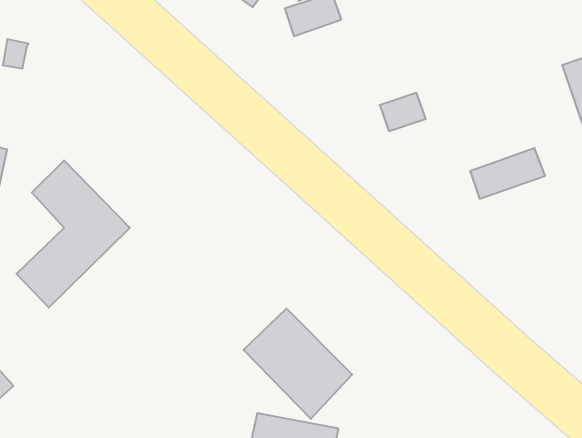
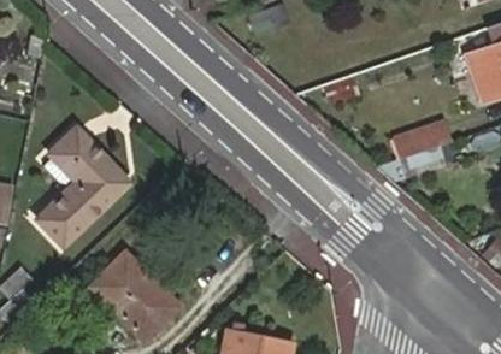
building: [243,309,352,419] -> [92,253,177,340]

